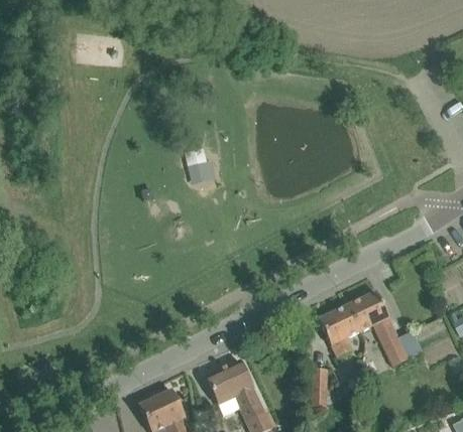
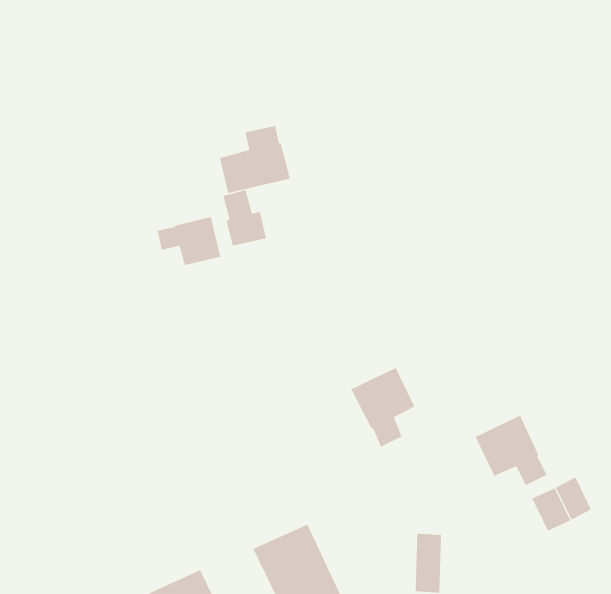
building: none -> [219,125,290,194]
building: none -> [157,216,221,266]
building: [318,306,359,357] -> [350,367,415,448]

